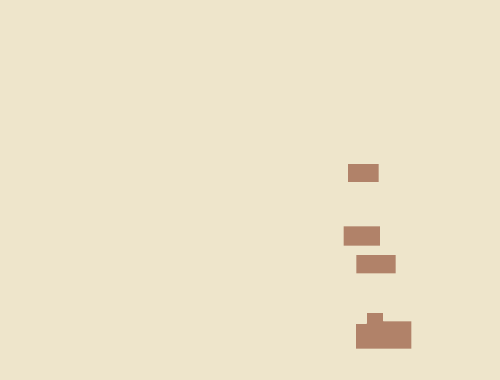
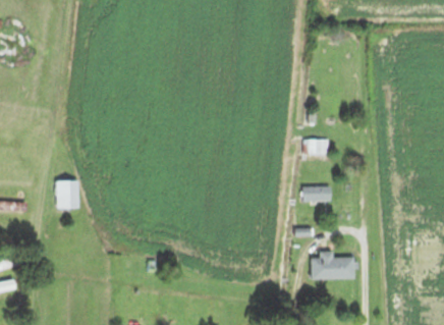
building: none -> [56,180,78,209]
building: [356,254,396,274] -> none

